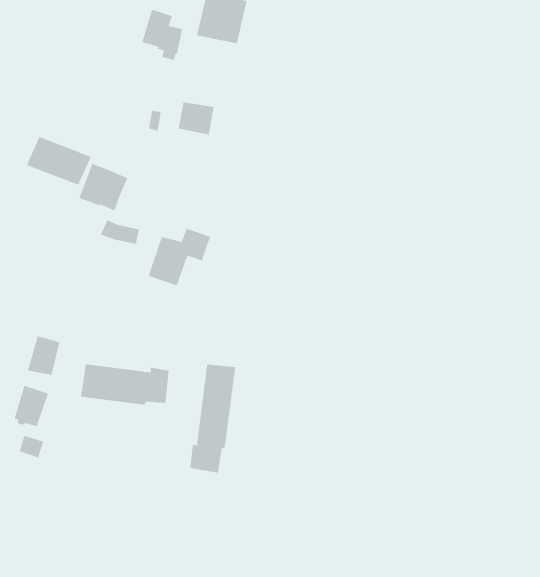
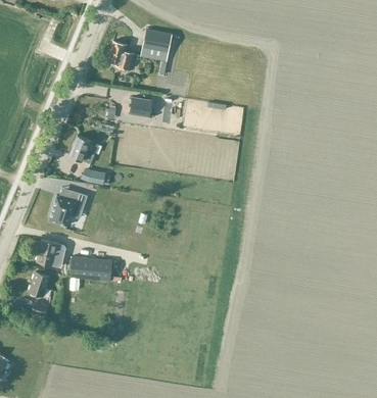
building: [26,136,91,186] -> none
building: [148,228,211,286] -> [48,190,87,226]
building: [190,364,236,473] -> none

